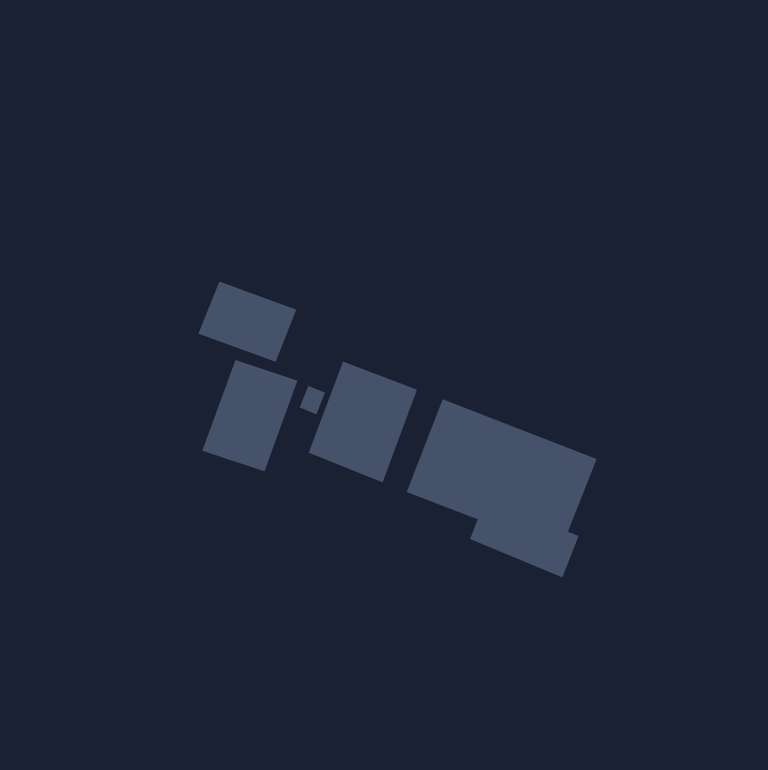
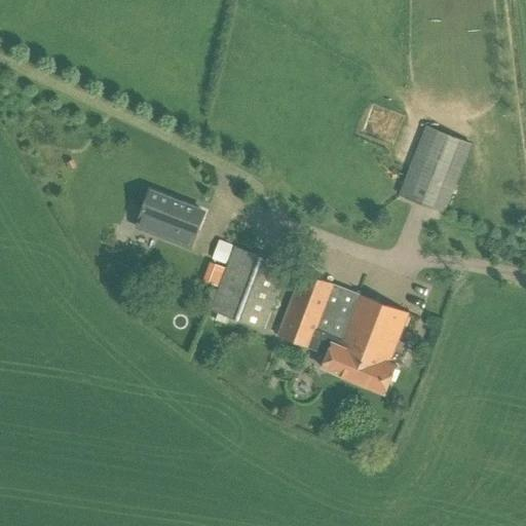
building: none -> [398,125,469,212]
building: [202,359,298,472] -> none

